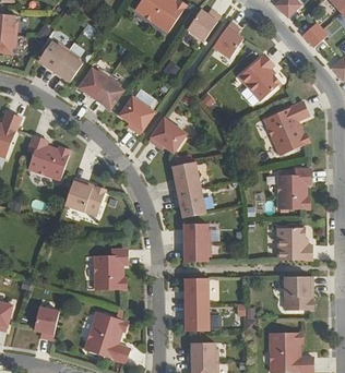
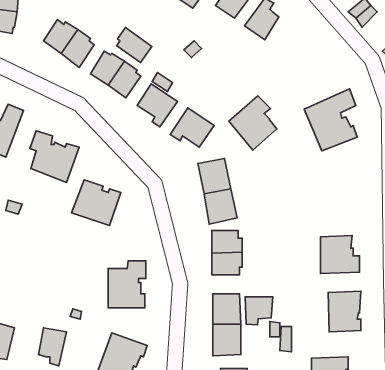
building: none -> [117,28,152,62]
building: [238,53,279,100] -> [229,96,277,150]
building: [277,168,310,208] -> none
building: none -> [245,297,273,325]

